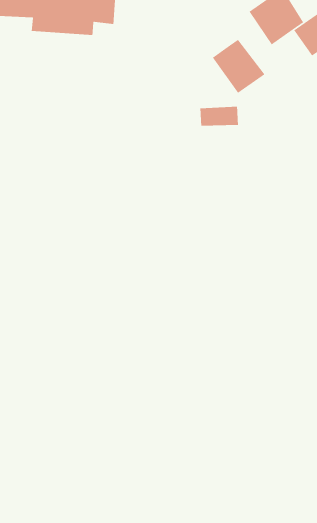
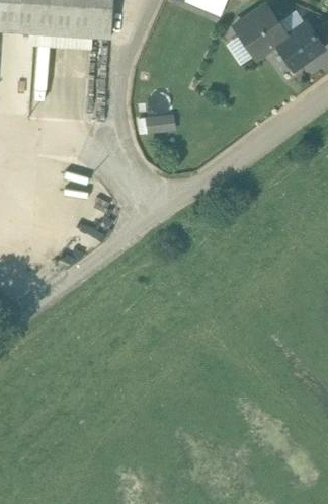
building: [212,39,265,94] -> none
building: [199,106,239,127] -> [139,112,175,131]

